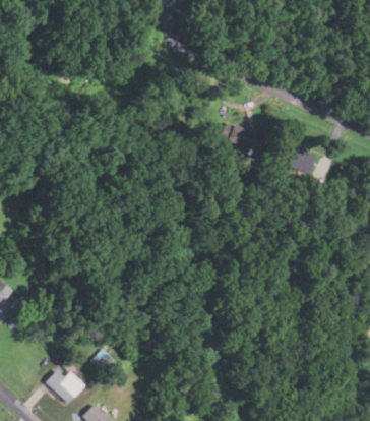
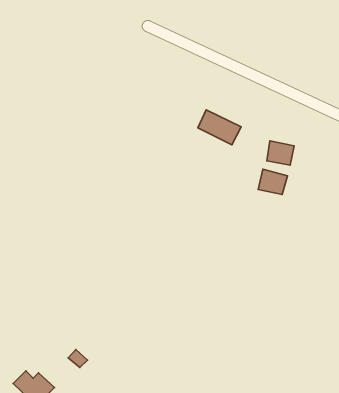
building: none -> [258,169,287,195]

